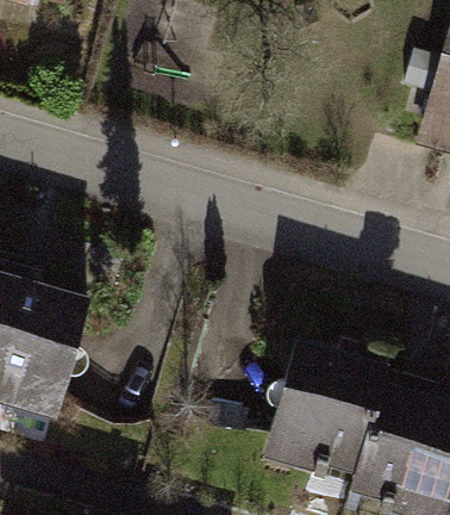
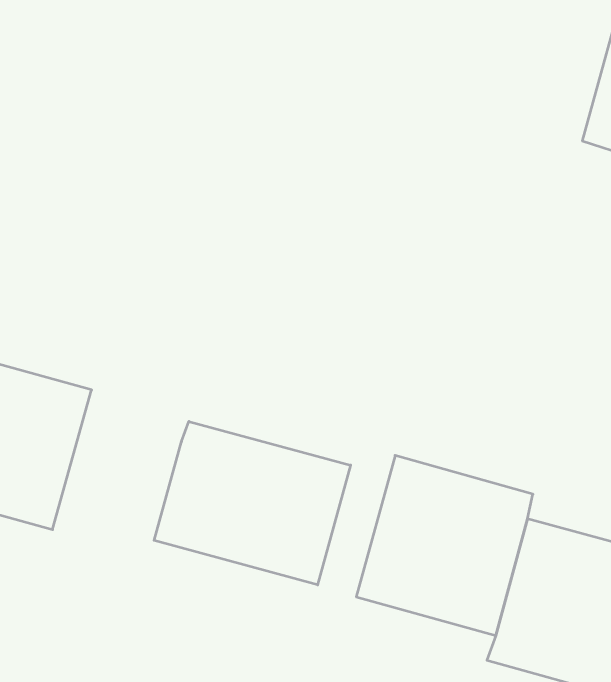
building: none -> [154,421,351,585]

